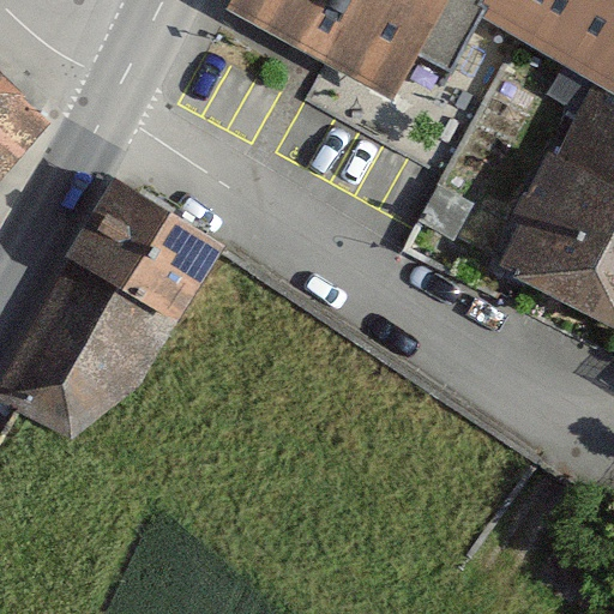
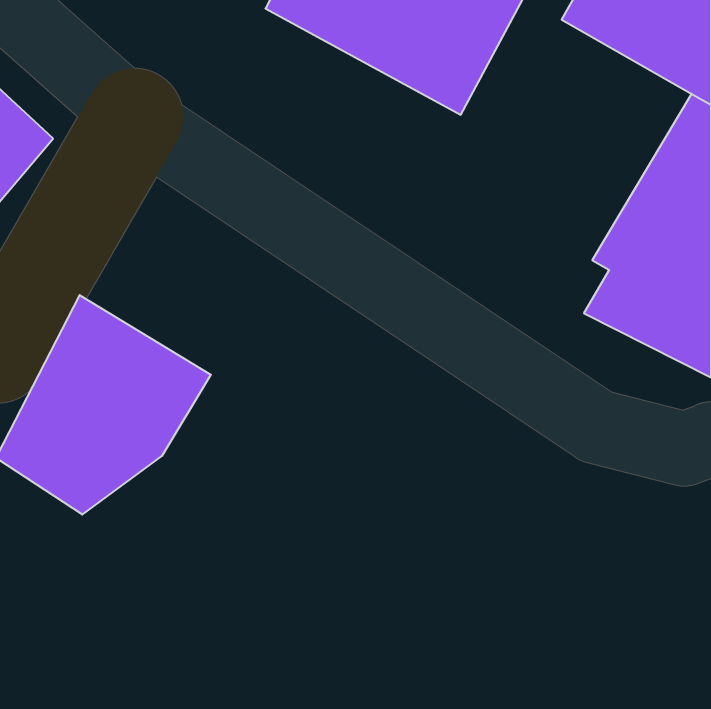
building: [68,180,227,321] -> none

